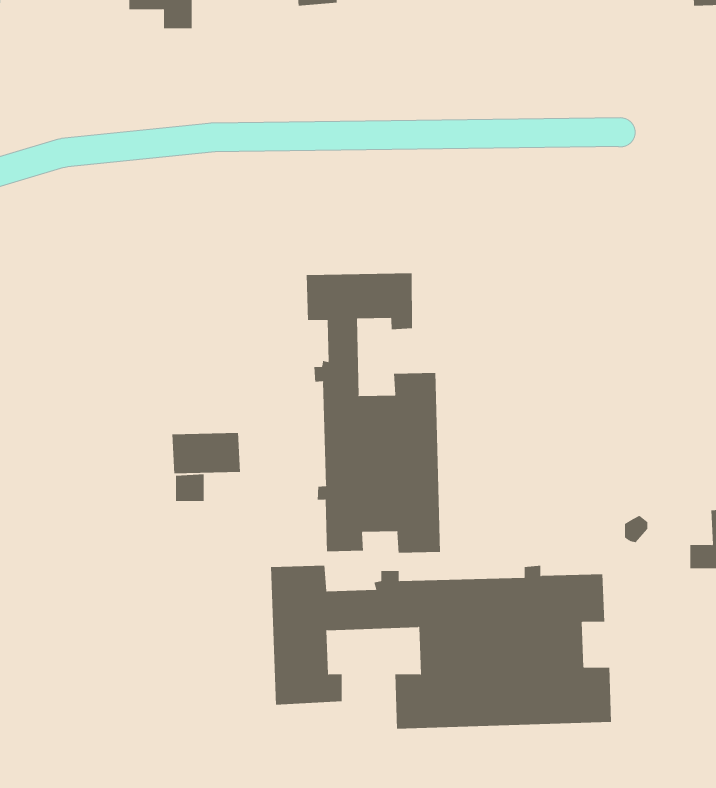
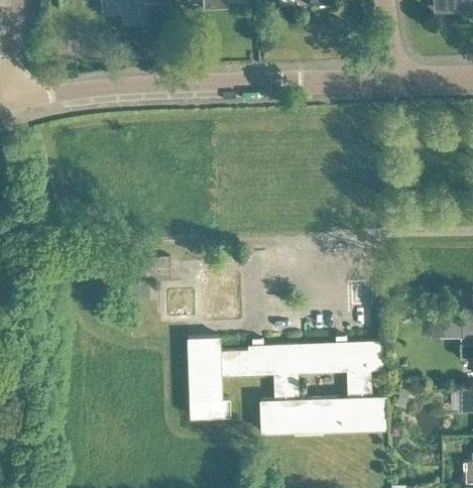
building: [306,273,440,554] -> none

